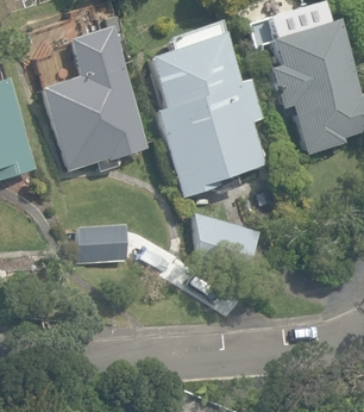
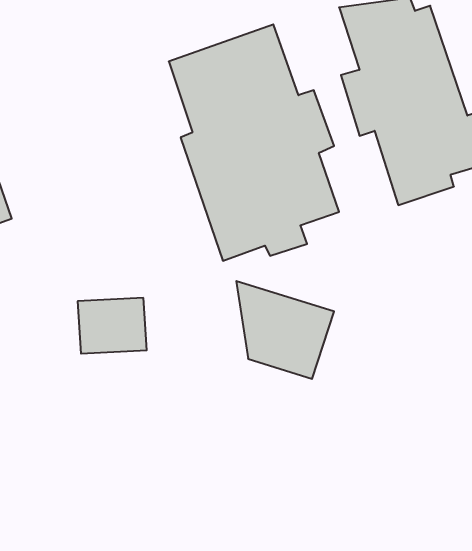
building: [38,26,149,173] -> none

